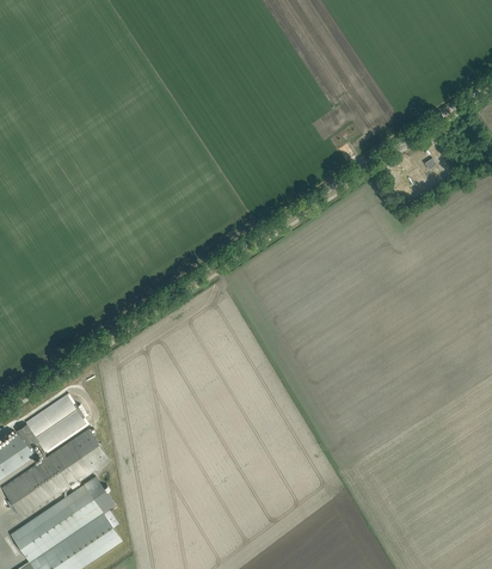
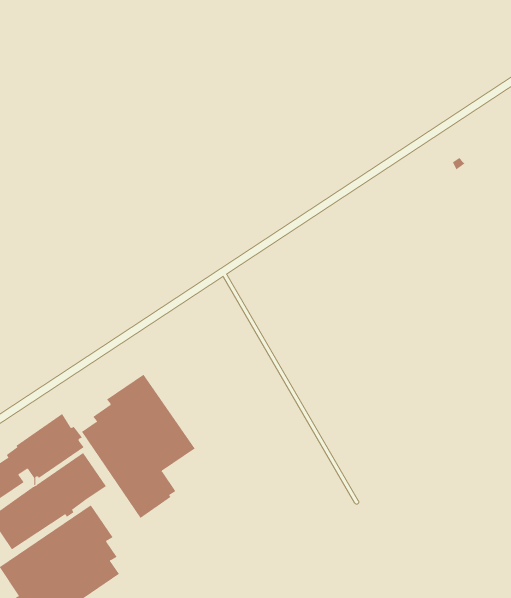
building: none -> [81,374,195,519]

